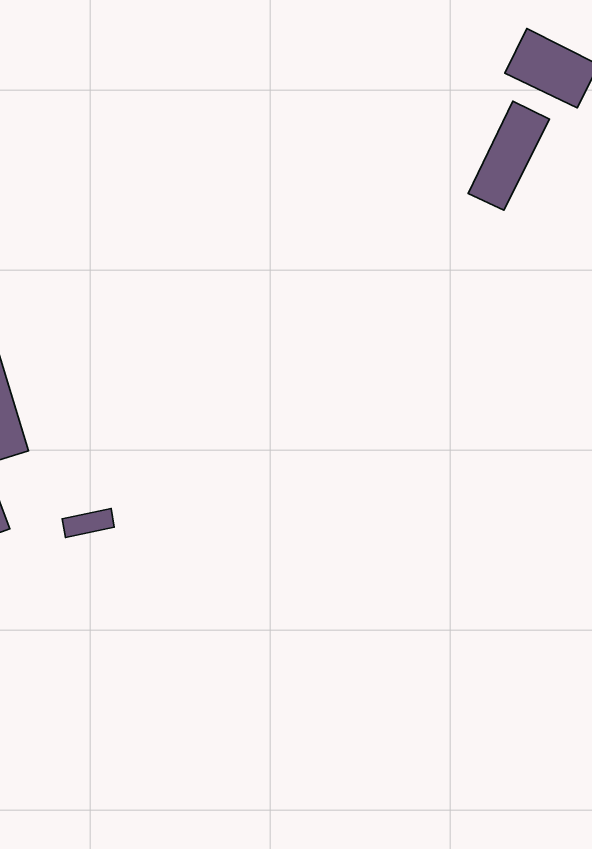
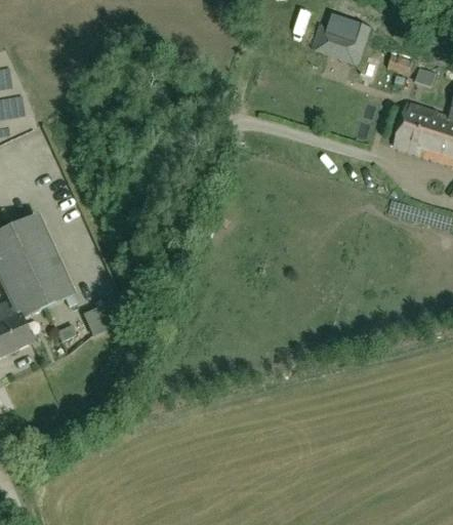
building: [468,101,549,210] -> none

